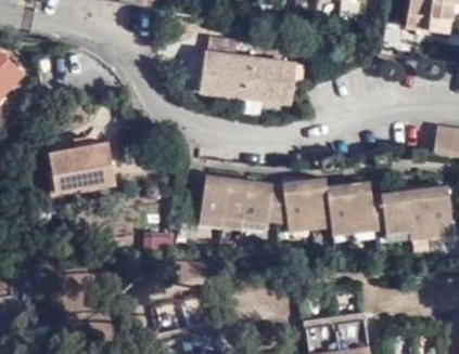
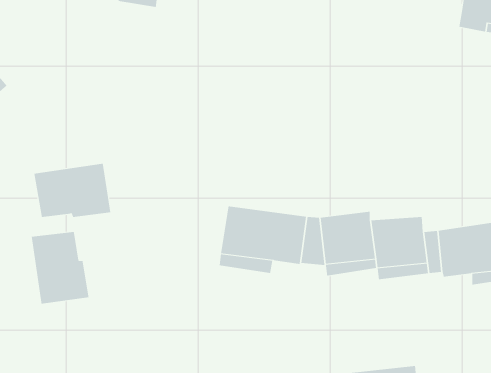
building: [200,35,294,104] -> none
building: none -> [31,231,89,304]

